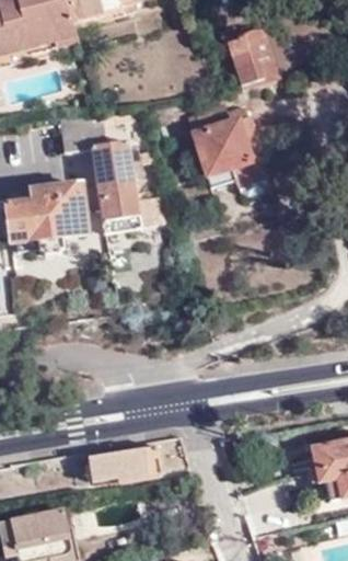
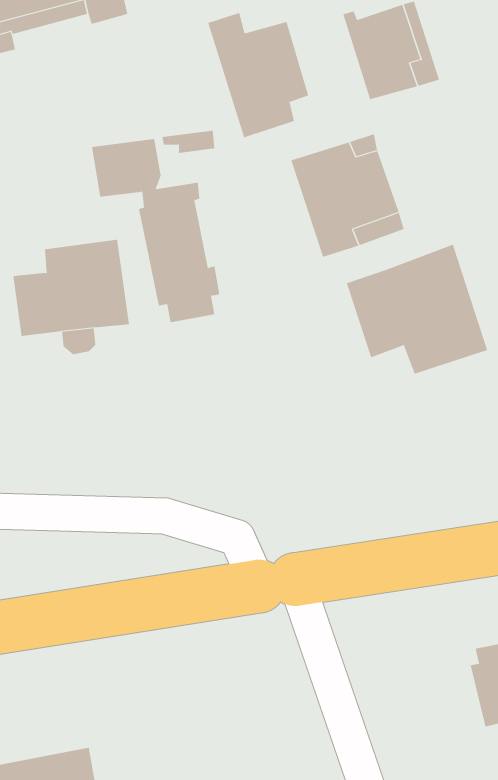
building: none -> [207,12,309,138]
building: none -> [346,244,488,374]
building: [89,449,156,483] -> none

